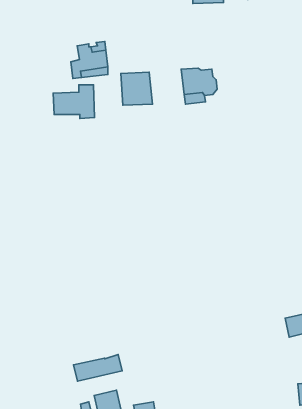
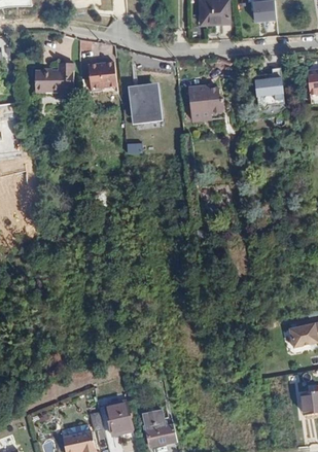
building: none -> [255,67,284,107]
building: [53,85,95,119] -> [33,63,73,96]
building: [74,354,122,381] -> none

